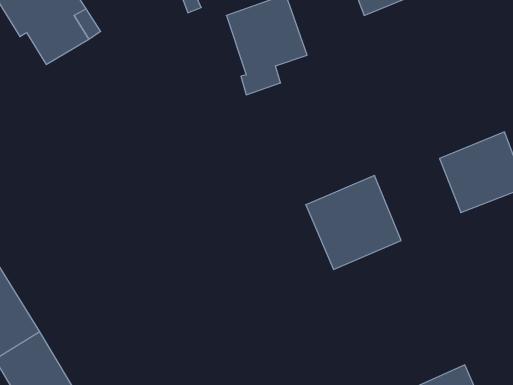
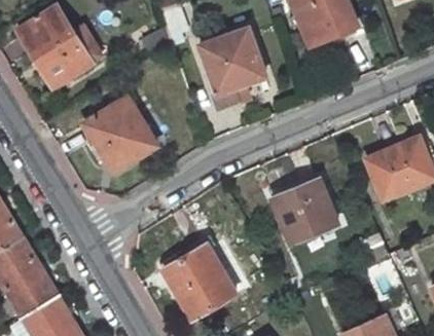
building: none -> [87,99,158,173]
building: none -> [162,245,234,320]

